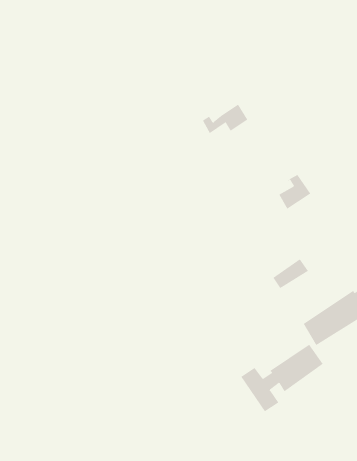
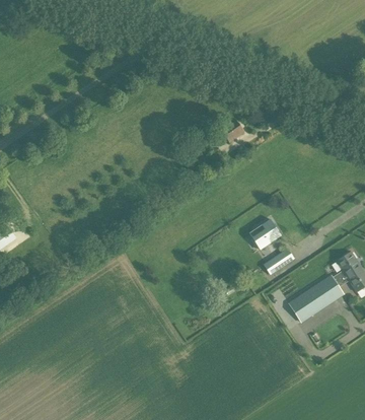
building: [279,174,311,210] -> [252,219,280,250]
building: [240,344,324,412] -> none

